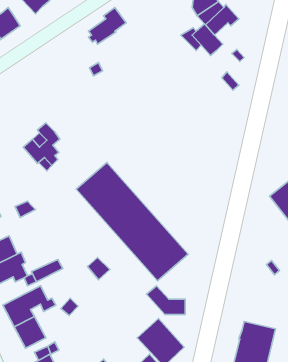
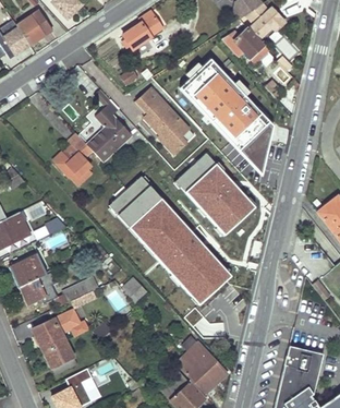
building: none -> [179,57,272,167]
building: none -> [87,88,132,161]
building: none -> [136,88,187,154]
building: none -> [173,152,252,233]

